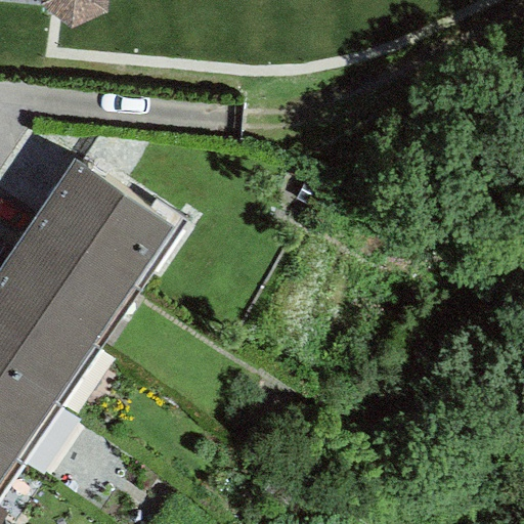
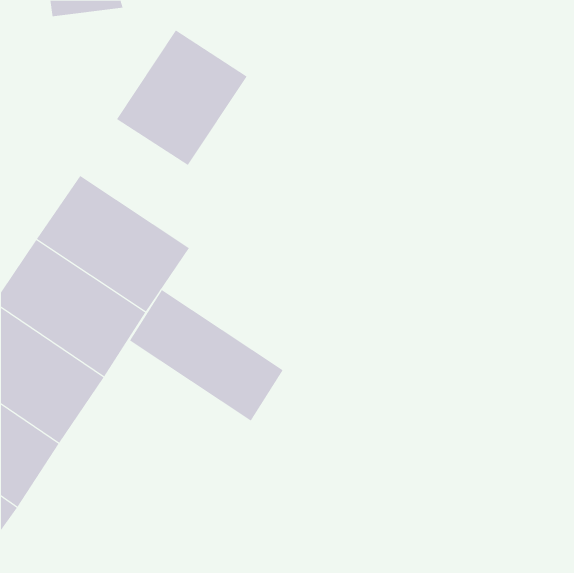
building: none -> [116,30,248,166]
building: none -> [129,289,284,422]

